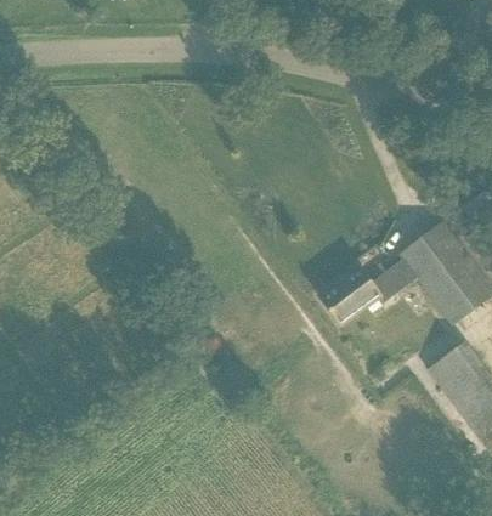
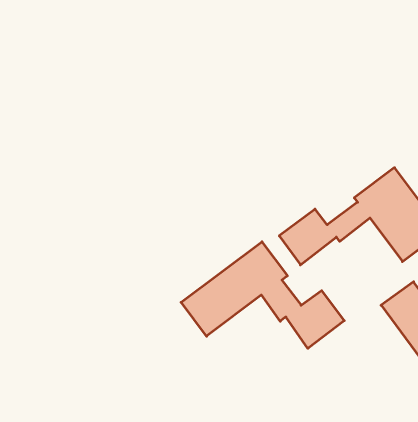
building: none -> [181,242,344,348]

